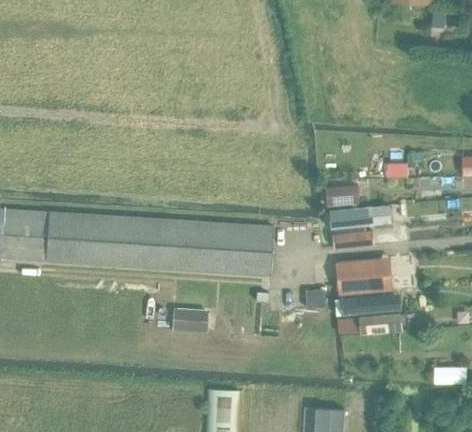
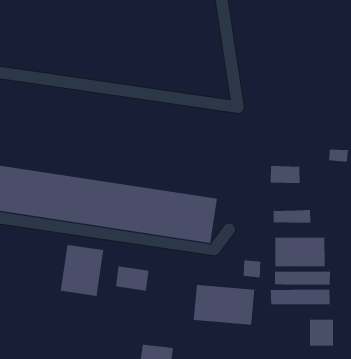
building: [328,206,374,229] -> none
building: none -> [60,244,104,297]
building: none -> [193,284,255,326]
building: none -> [309,319,334,346]

